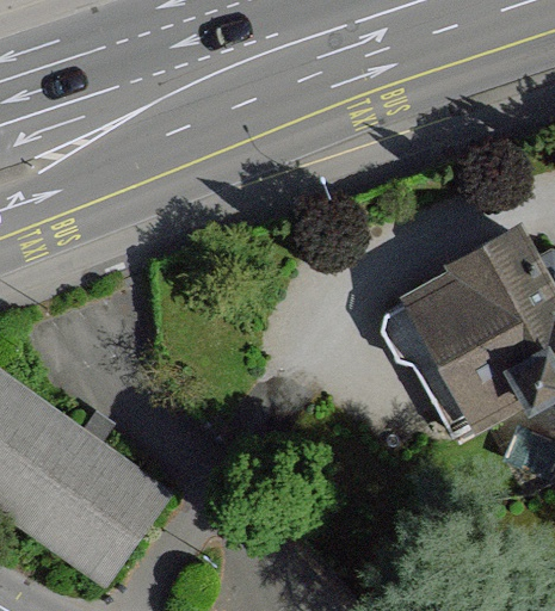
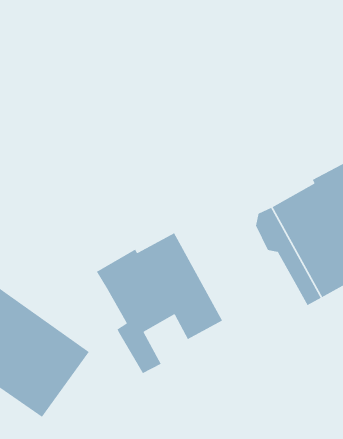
building: none -> [96,232,223,374]

